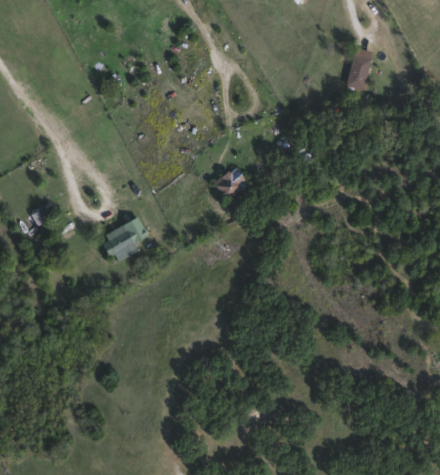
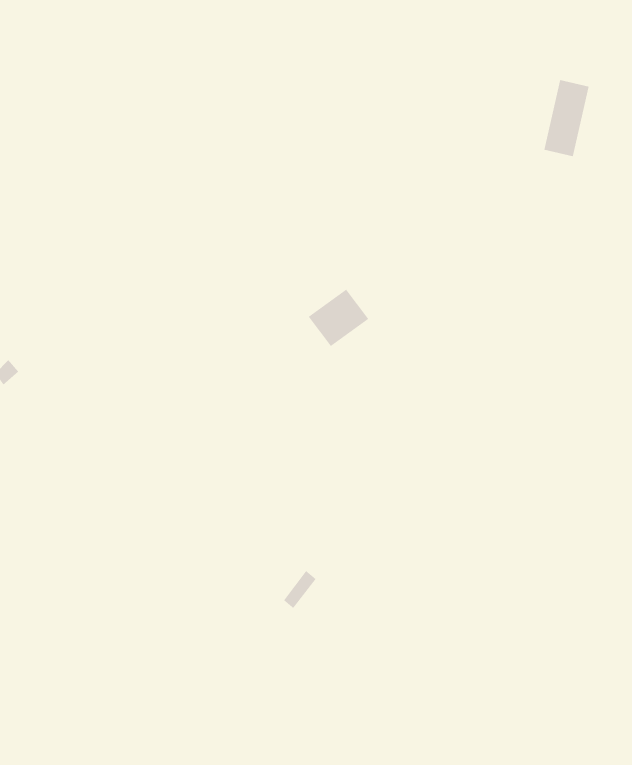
building: [103,224,140,262] -> none

